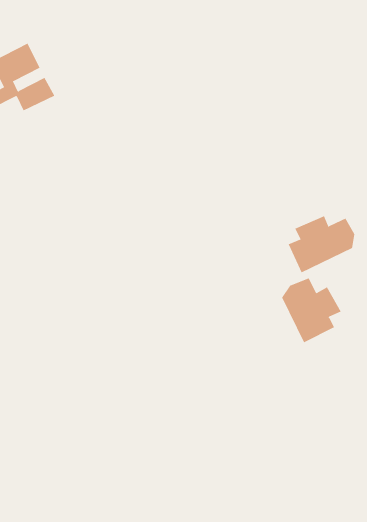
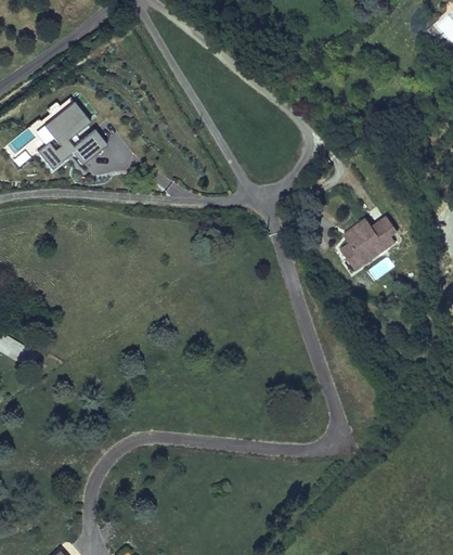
building: [282,277,341,343] -> none

